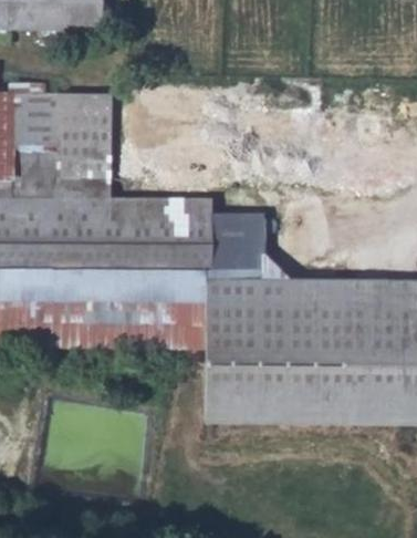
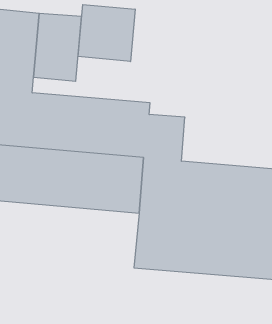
building: none -> [78,5,135,62]

